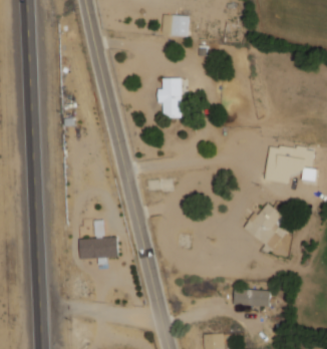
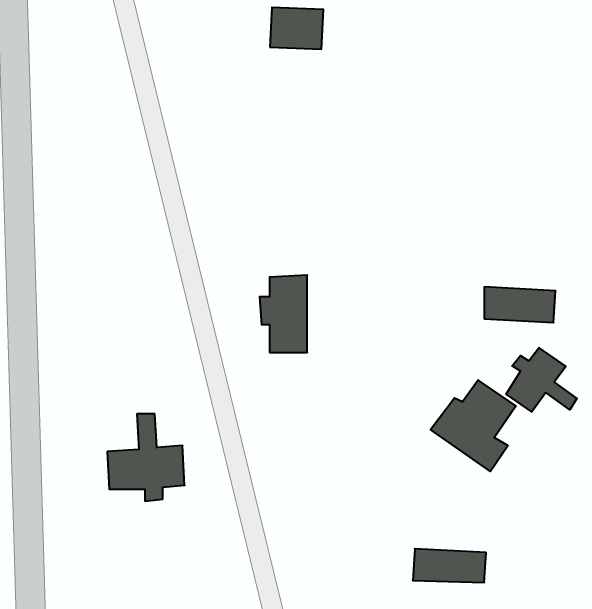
building: [157,78,182,117] -> [260,275,307,352]
building: none -> [506,348,577,412]

